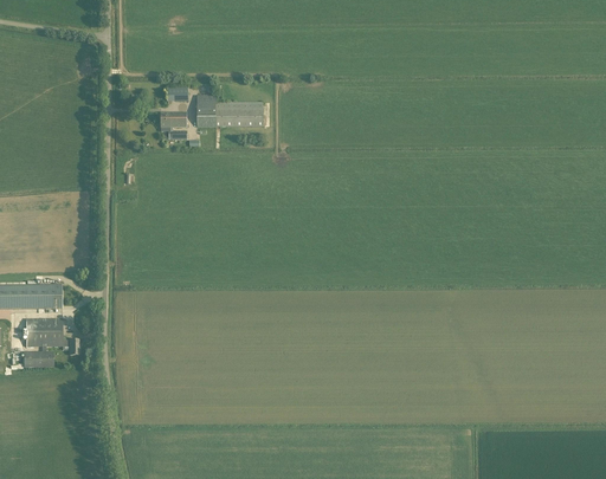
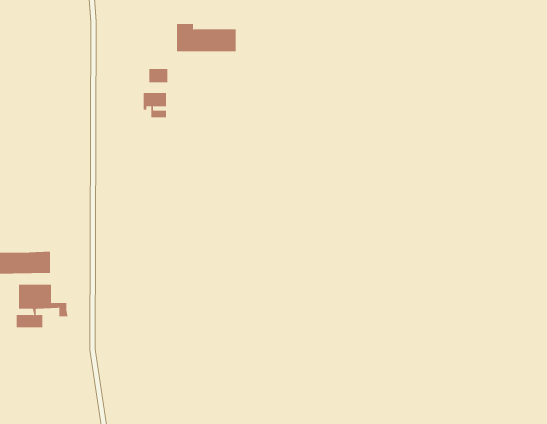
building: [196,96,262,127] -> [176,23,236,52]

